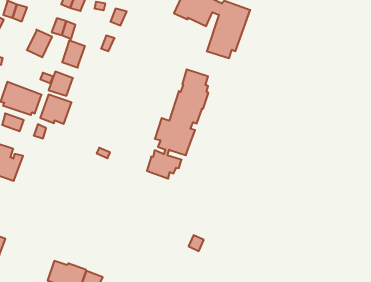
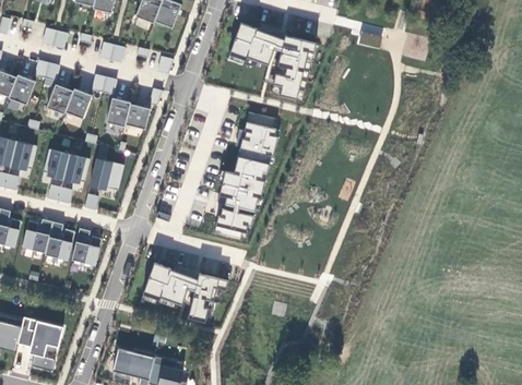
building: none -> [47,83,74,113]
building: [49,72,73,96] -> [126,101,152,128]
building: none -> [70,229,100,266]
building: none -> [142,262,228,321]

